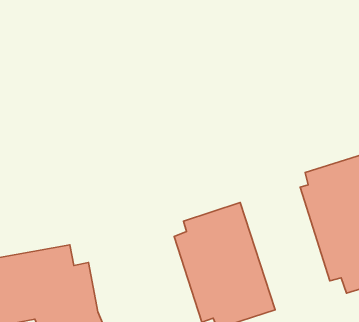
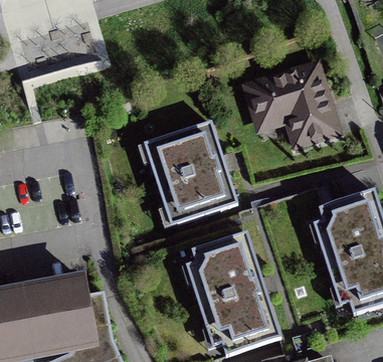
building: none -> [239,59,342,150]
building: none -> [143,121,238,226]

